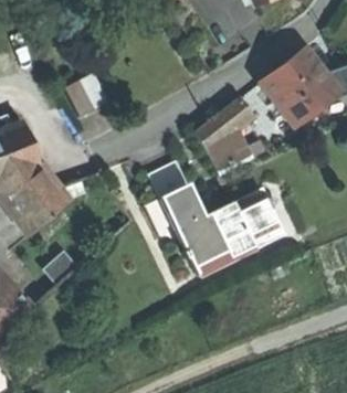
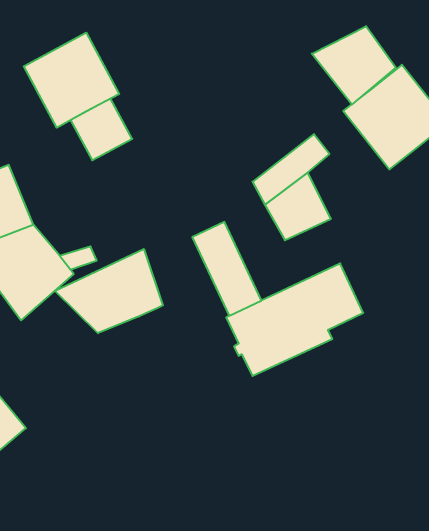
building: none -> [312,26,396,104]
building: none -> [24,33,119,128]
building: none -> [55,249,163,333]

